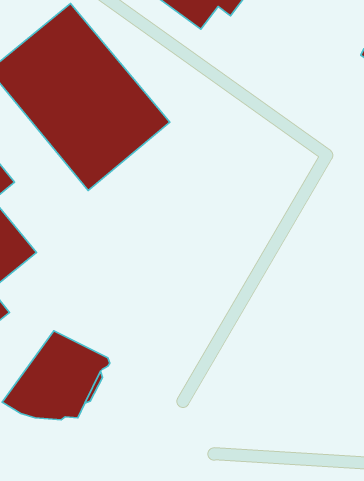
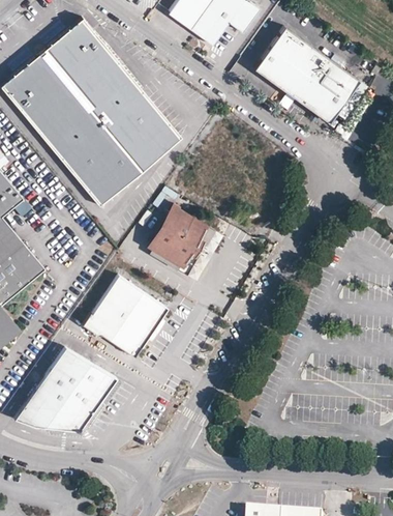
building: none -> [251,27,357,123]
building: none -> [150,204,203,264]
building: none -> [84,277,169,357]

